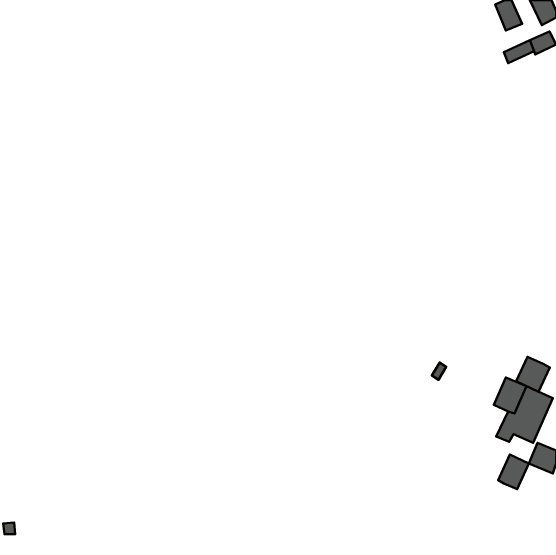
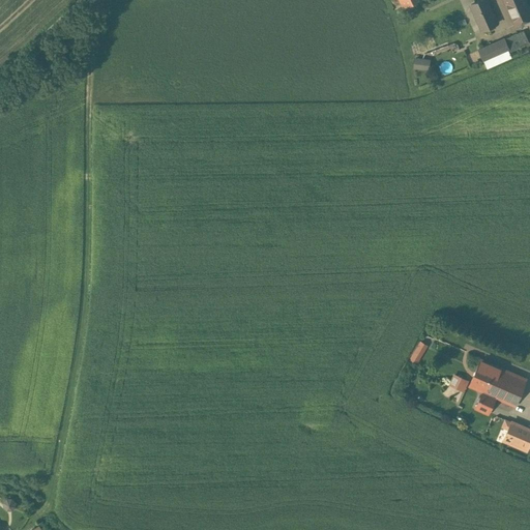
building: [516,357,550,392] -> none
building: [498,455,529,489] -> none

